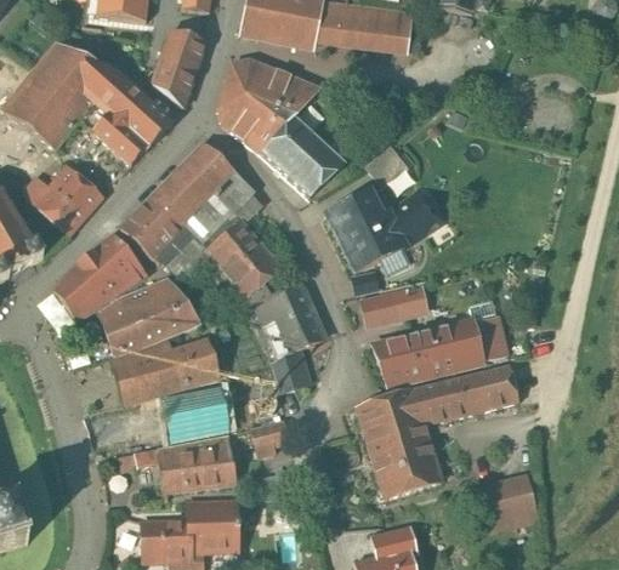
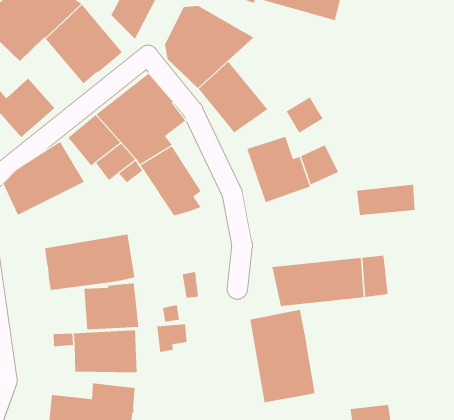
building: [100,278,200,354] -> none
building: [359,284,430,327] -> [356,184,416,216]
building: [256,287,325,359] -> none
building: [413,364,518,424] -> none

